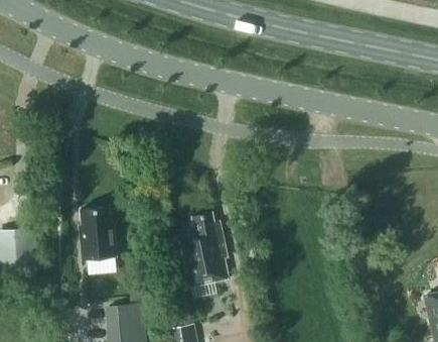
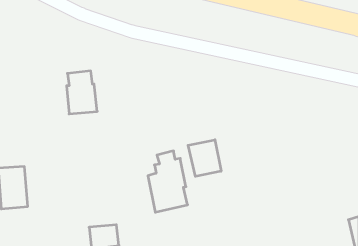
building: none -> [188,140,221,176]
building: [79,206,116,258] -> [67,71,97,114]

